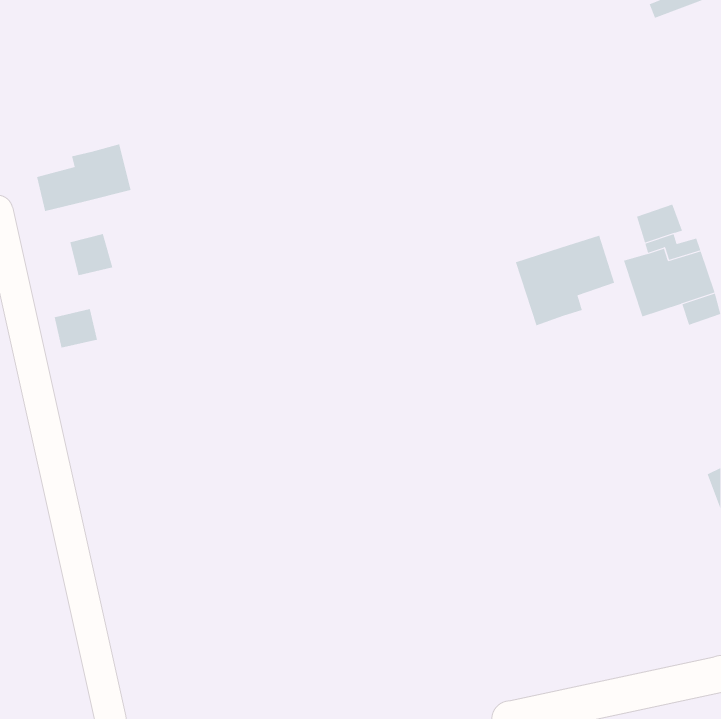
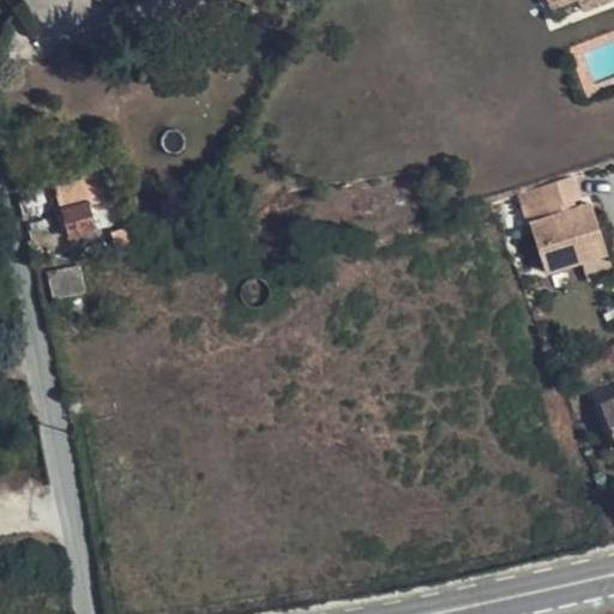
building: [36,144,131,212] -> none
building: [515,235,615,326] -> none

